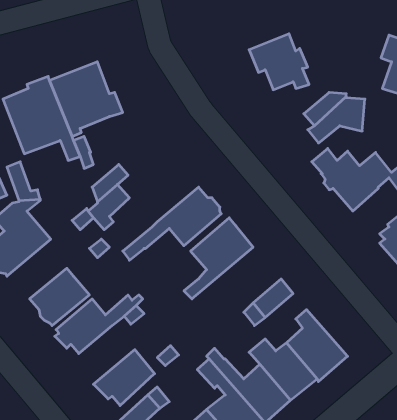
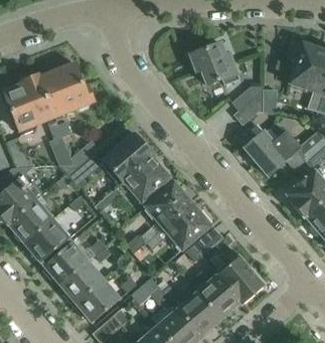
building: none -> [103,133,154,183]
building: none -> [7,196,52,241]
building: none -> [147,202,212,248]
building: none -> [60,262,104,306]

